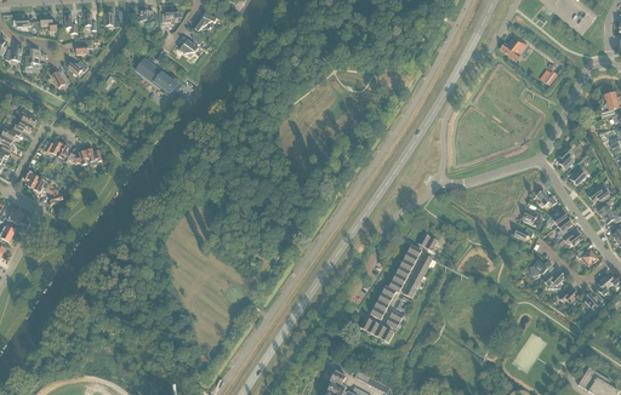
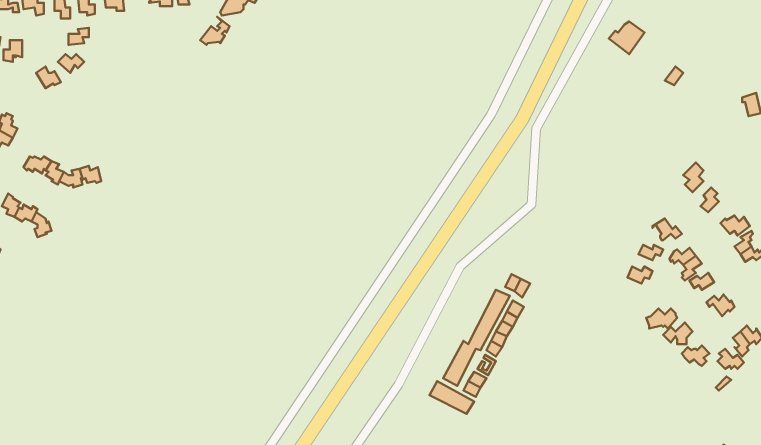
building: [133,56,181,96] -> none

